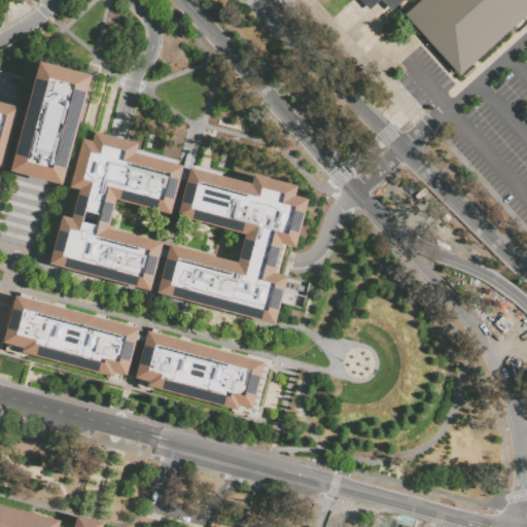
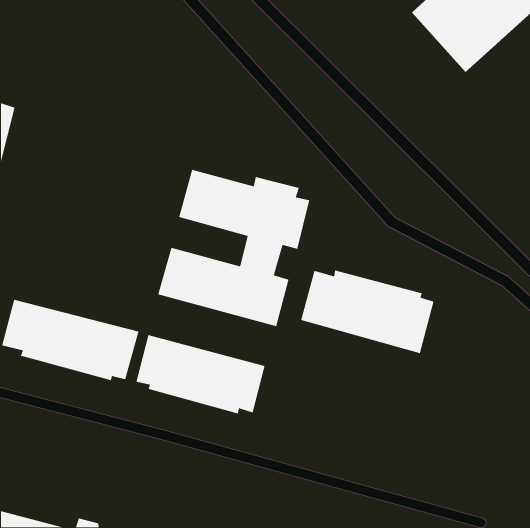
building: [10,62,92,185] -> none
building: [50,130,184,288] -> none
building: none -> [300,270,434,354]

